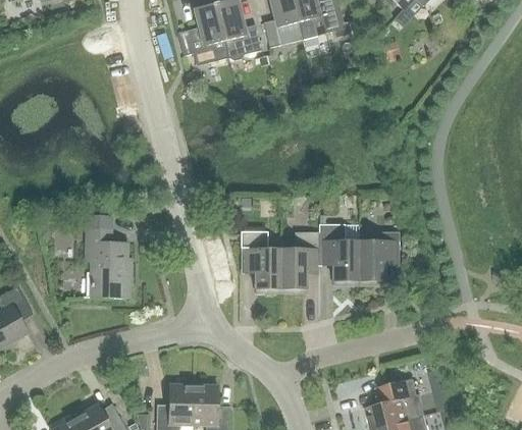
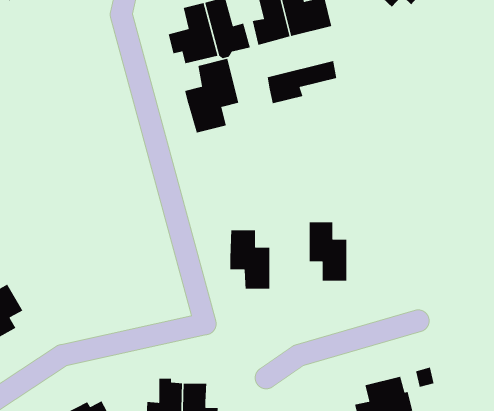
building: none -> [184,58,239,134]
building: none -> [267,60,337,104]
building: [281,223,320,291] -> none
building: [86,227,132,298] -> none
building: [359,231,399,284] -> none

